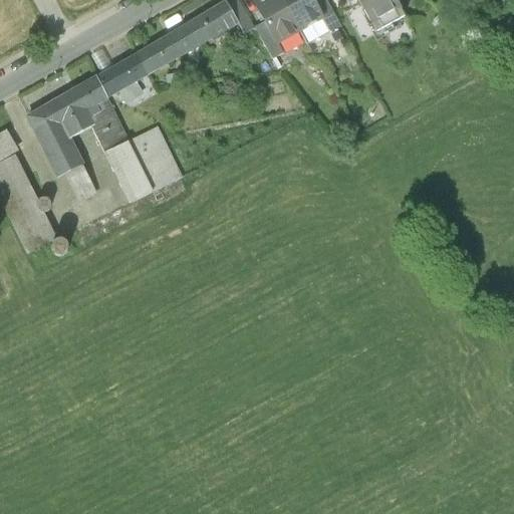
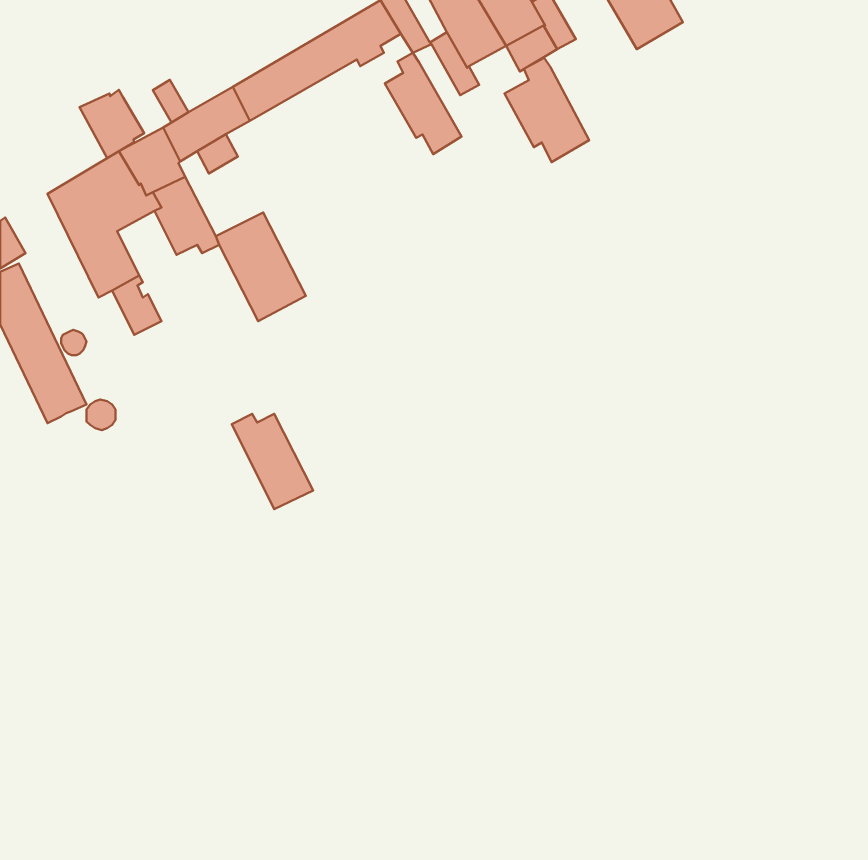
building: none -> [385,53,461,154]
building: none -> [504,58,589,162]
building: none -> [80,90,144,158]
building: [104,145,153,201] -> [232,414,313,509]

